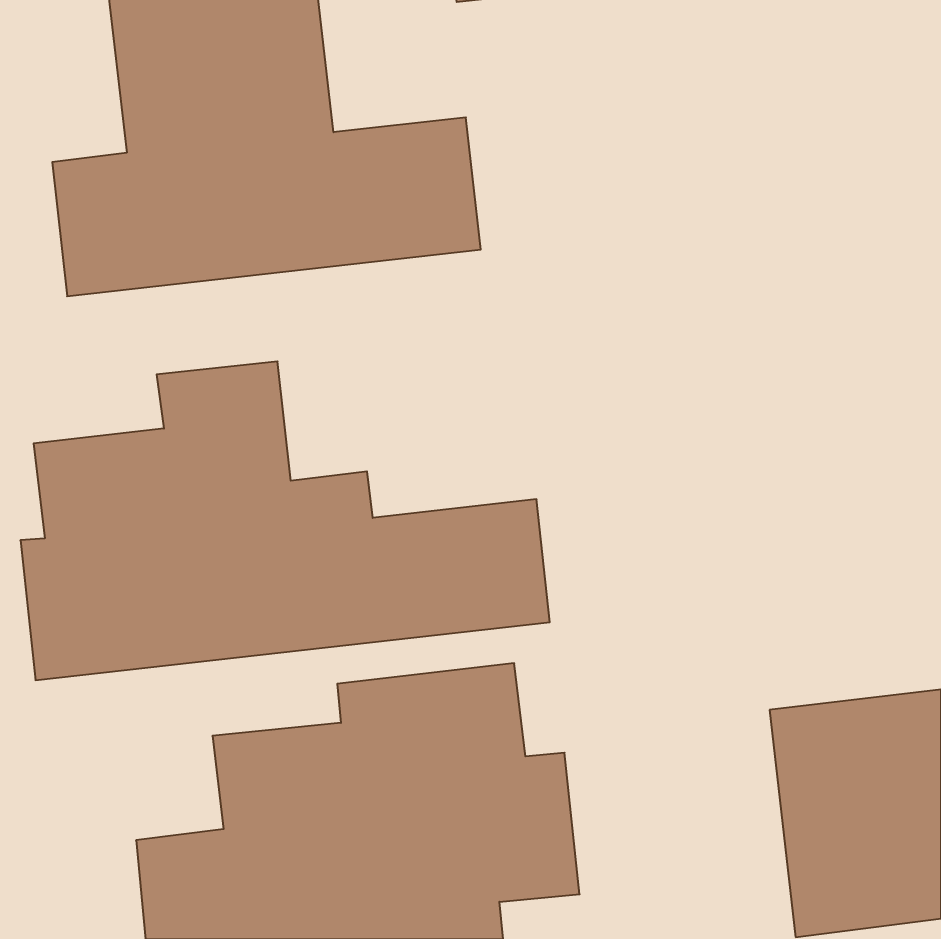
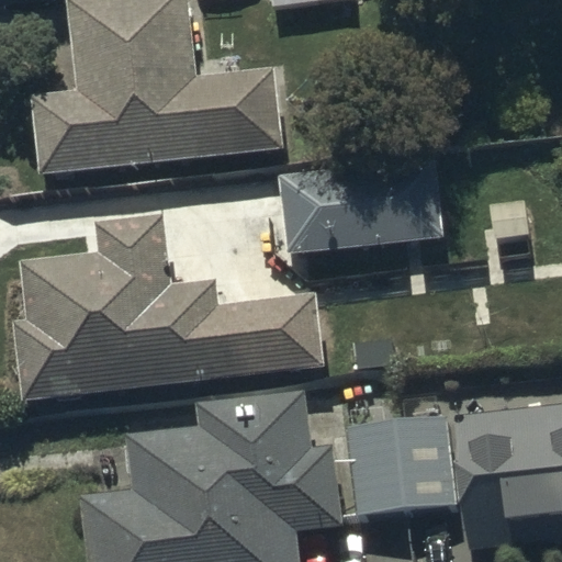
building: none -> [280,158,442,251]
building: none -> [345,415,453,515]

